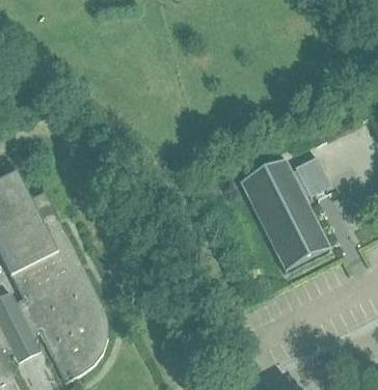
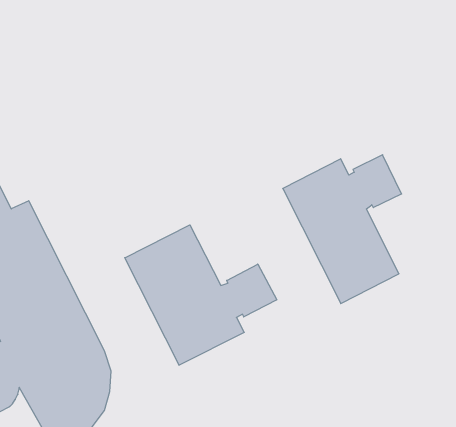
building: none -> [125,225,277,365]

